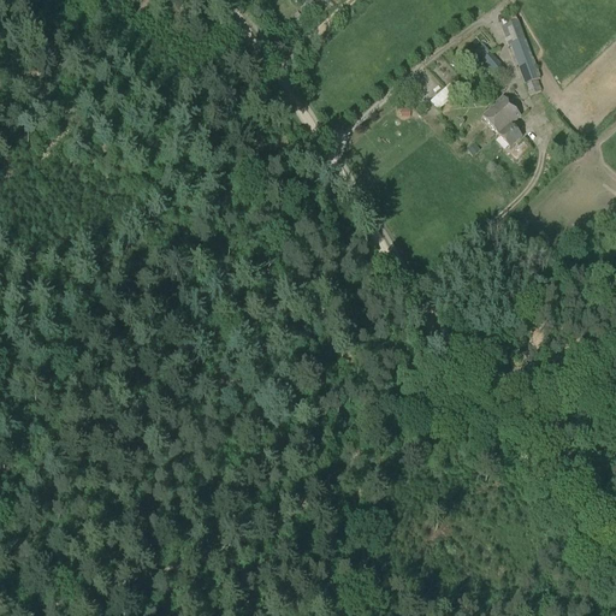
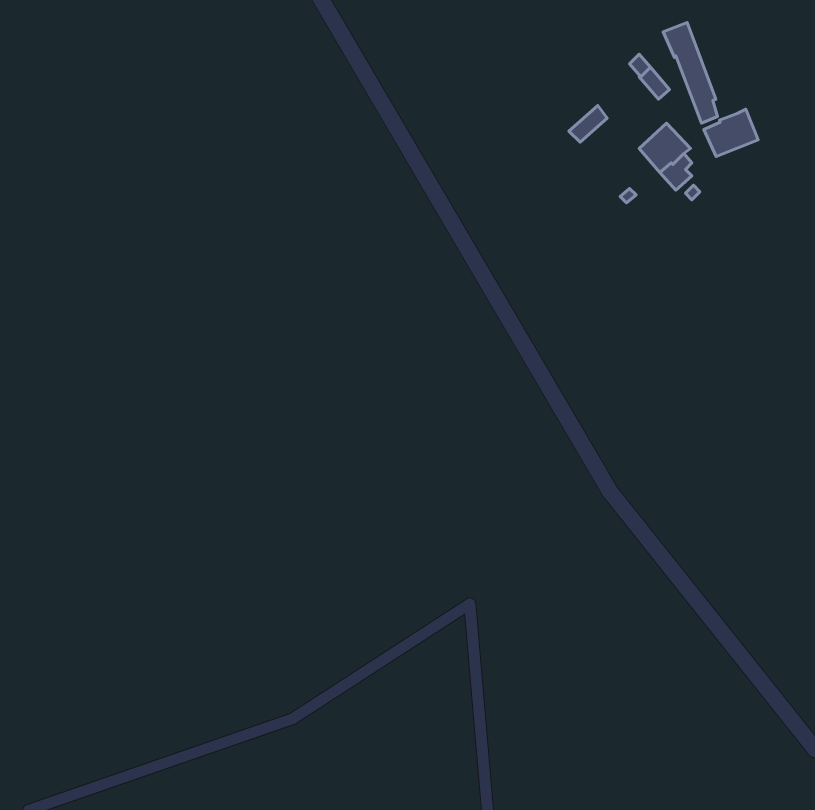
building: none -> [704,109,758,156]

